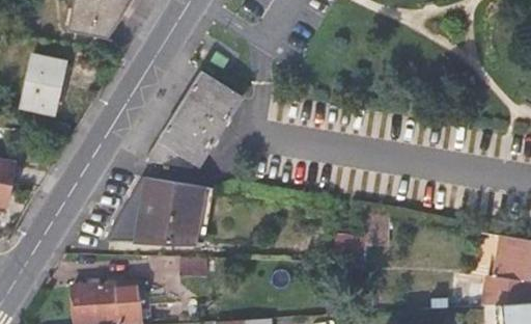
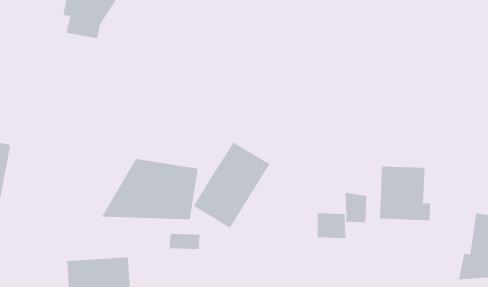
building: [22,55,64,113] -> none
building: [160,74,242,166] -> [193,141,271,229]
building: none -> [379,166,431,221]

